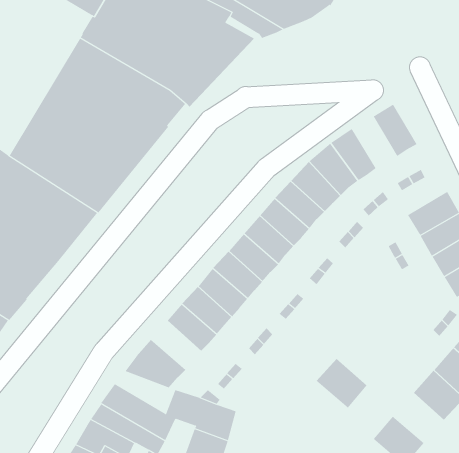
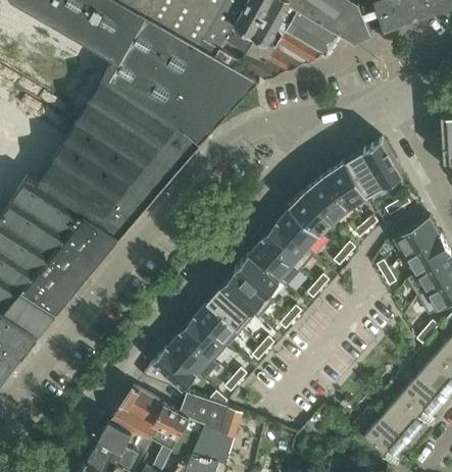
building: none -> [345,151,385,197]
building: none -> [165,332,210,376]
building: [316,358,368,408] -> [381,397,426,441]

